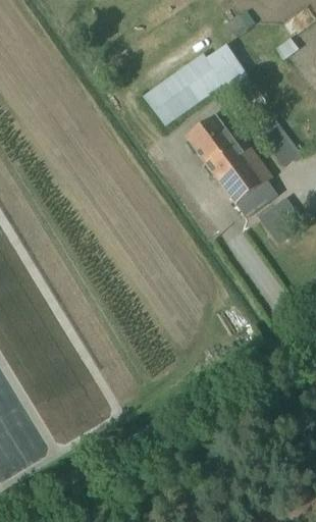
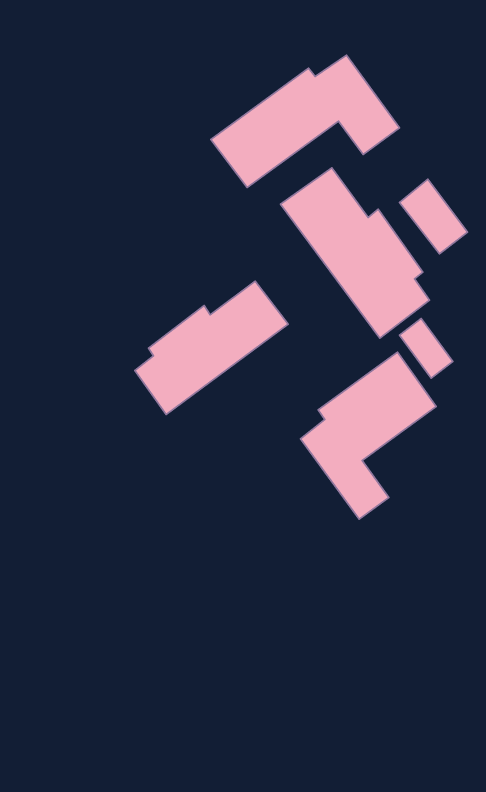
building: none -> [135,281,288,415]
building: none -> [301,352,436,519]

